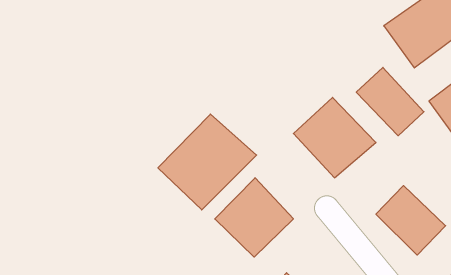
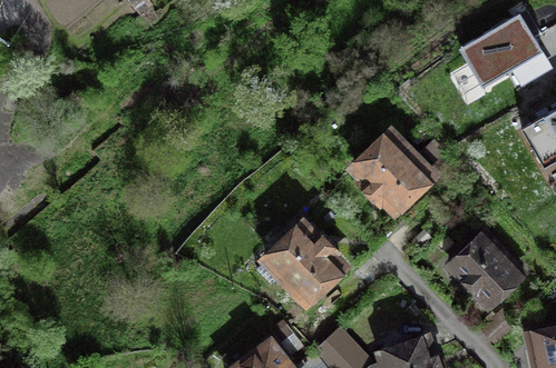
building: [356,67,424,136] -> none
building: [158,114,257,210] -> none

